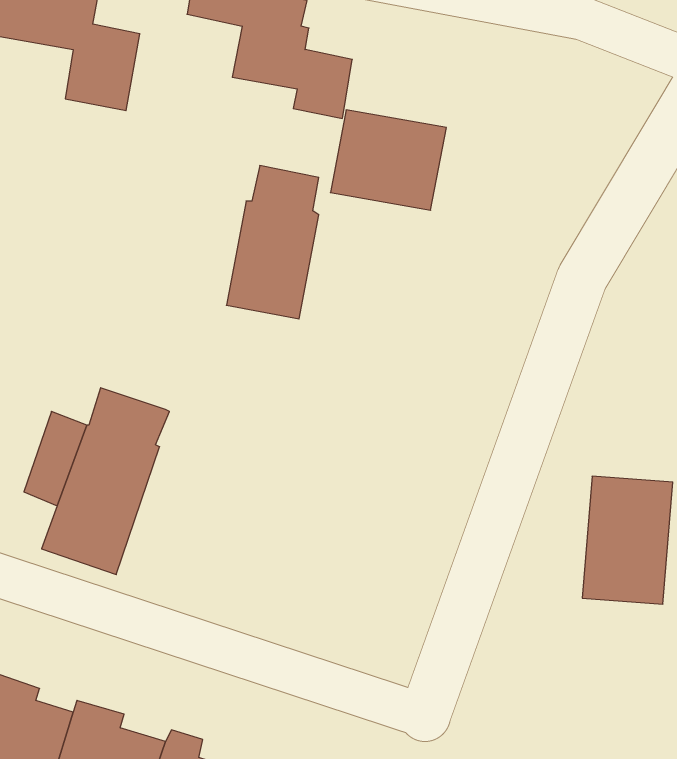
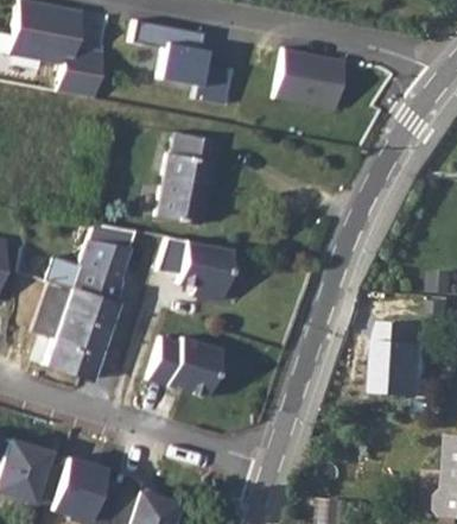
building: [330,110,446,210] -> [274,49,344,109]
building: none -> [77,225,134,280]
building: none -> [157,238,233,302]
building: none -> [148,335,221,396]

